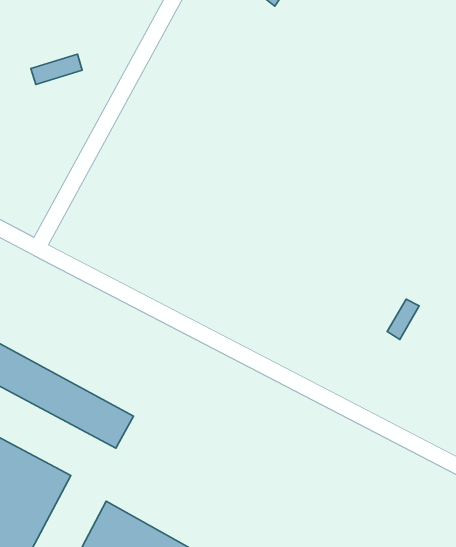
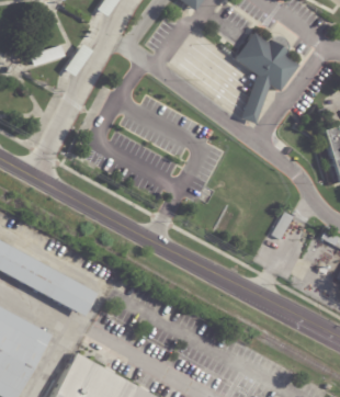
building: none -> [234,32,297,124]

